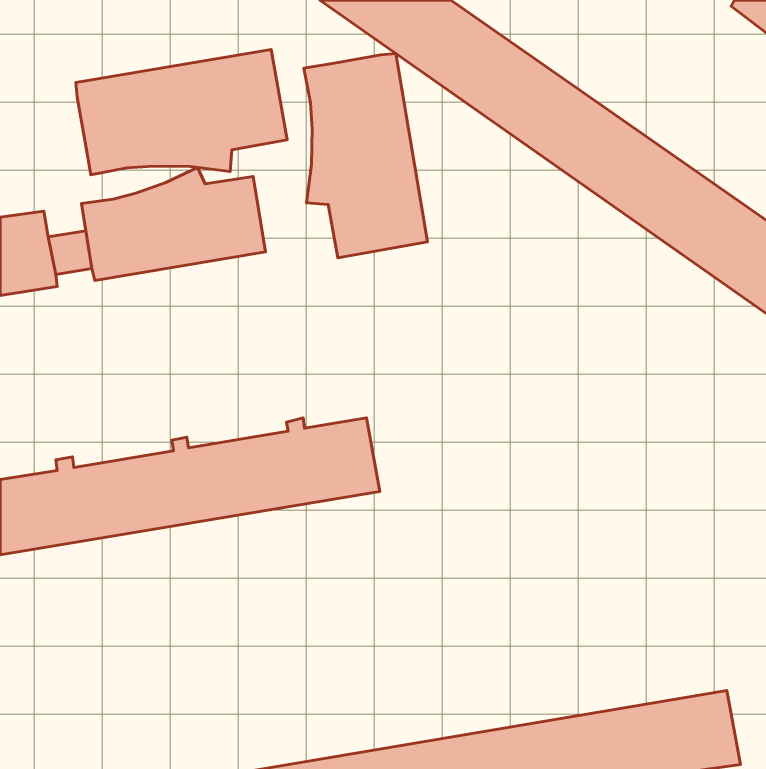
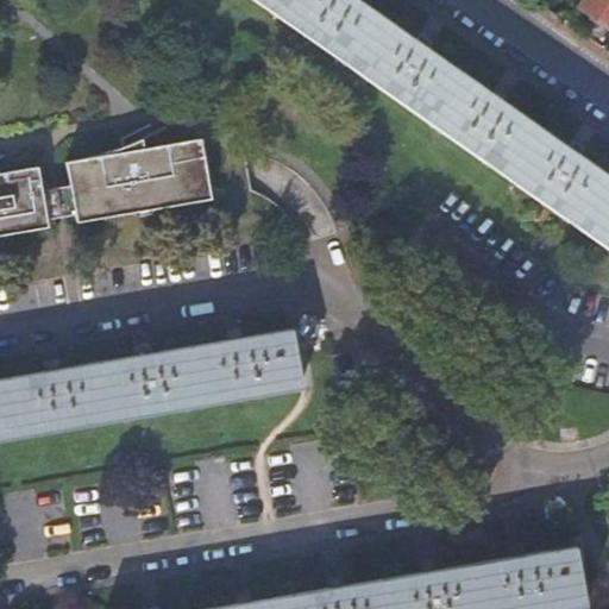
building: [76,50,287,175] -> none
building: [304,53,427,258] -> none

